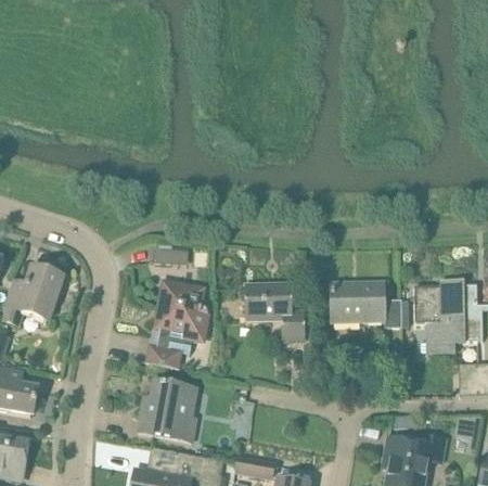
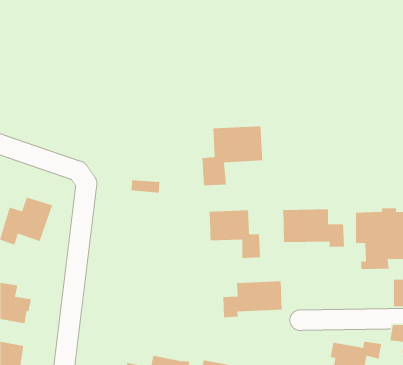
building: none -> [202,126,263,186]
building: [146,285,207,368] -> none
building: none -> [222,280,283,318]
building: [138,380,195,440] -> none

